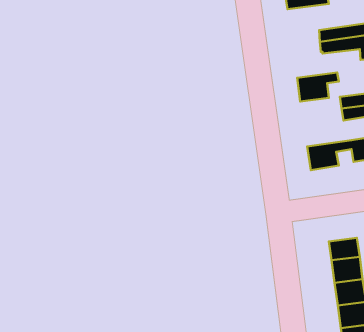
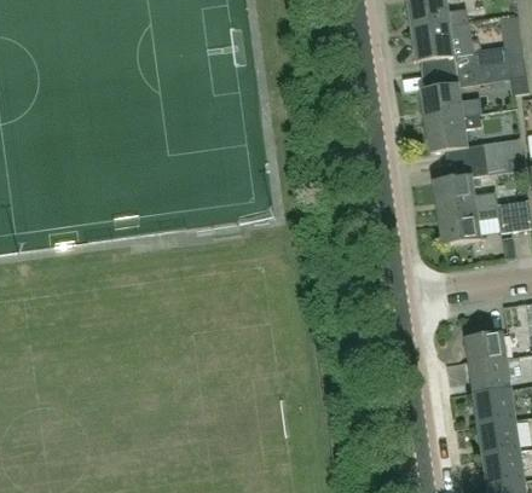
building: none -> [411,19,468,58]
building: none -> [420,83,478,118]
building: none -> [433,175,497,210]

